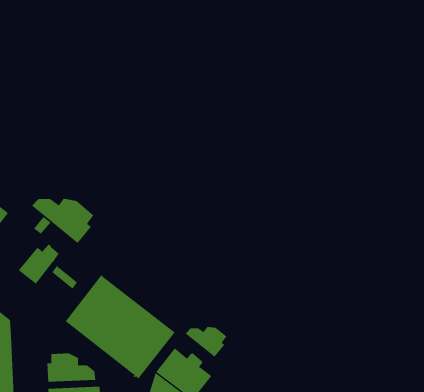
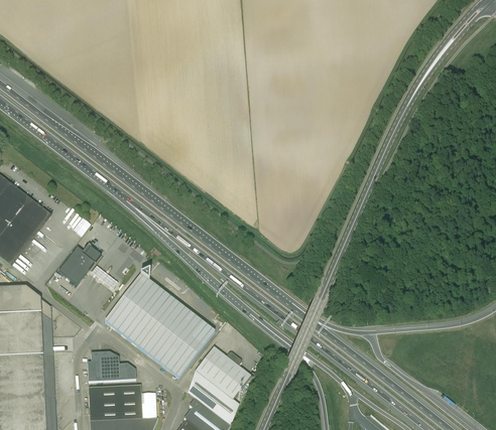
building: [31,198,94,244] -> none
building: [185,326,227,358] -> none

